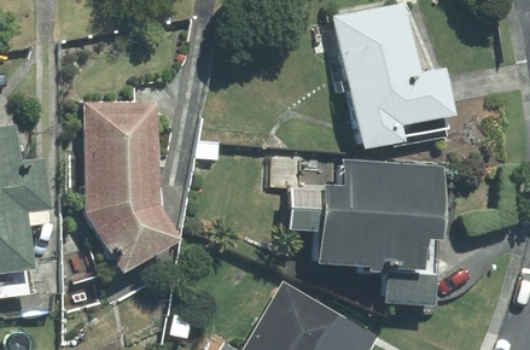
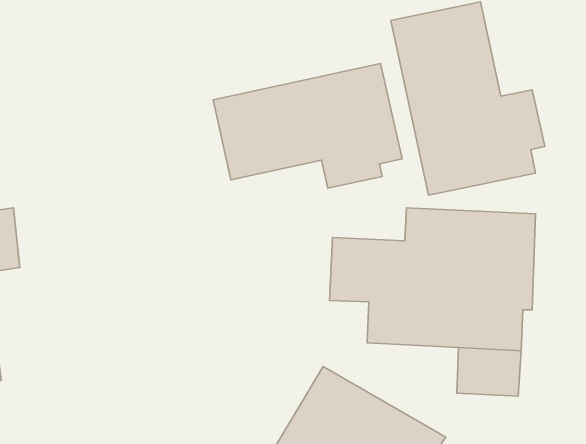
building: none -> [213,64,402,188]
building: [85,104,179,273] -> none

